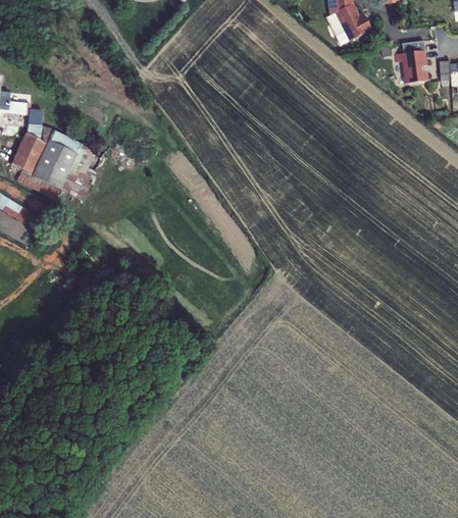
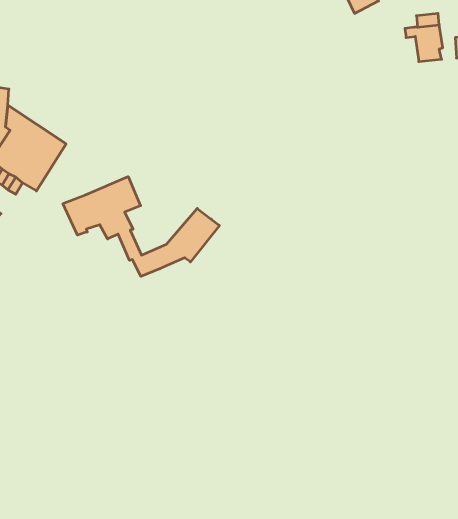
building: none -> [63,177,219,276]

